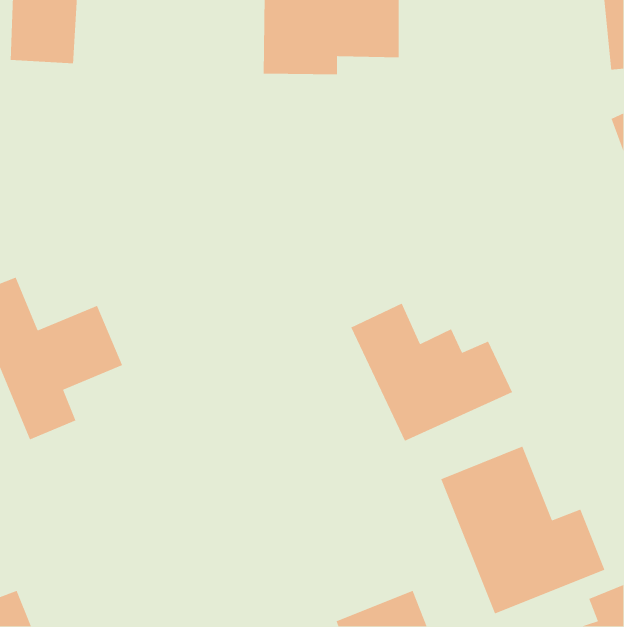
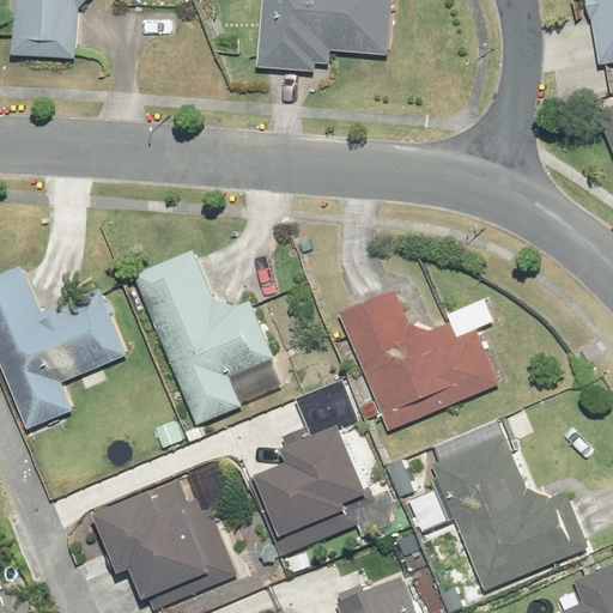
building: none -> [134,251,271,426]
building: none -> [254,413,380,544]
building: none -> [102,467,237,599]

